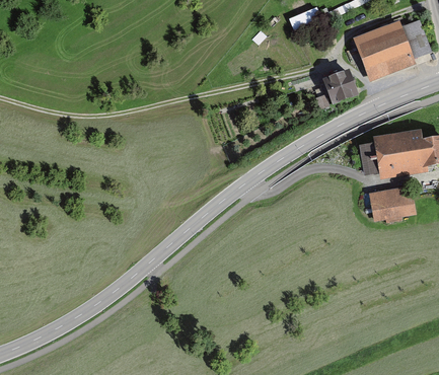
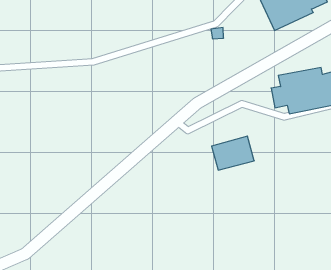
building: [320,70,358,105] -> none
building: [368,185,417,223] -> [212,136,254,170]

